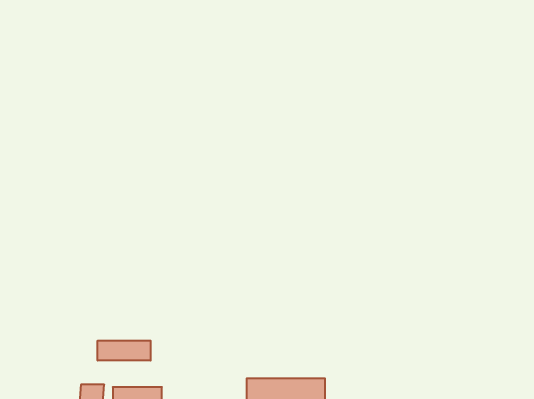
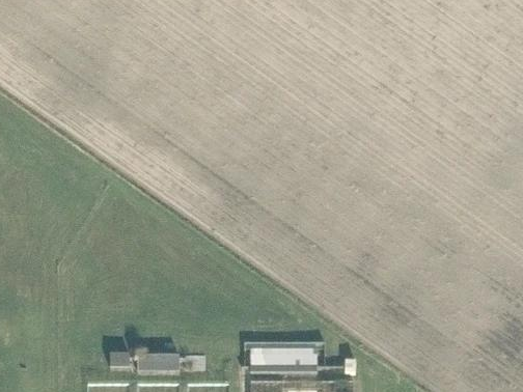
building: [98,341,151,361] -> none

